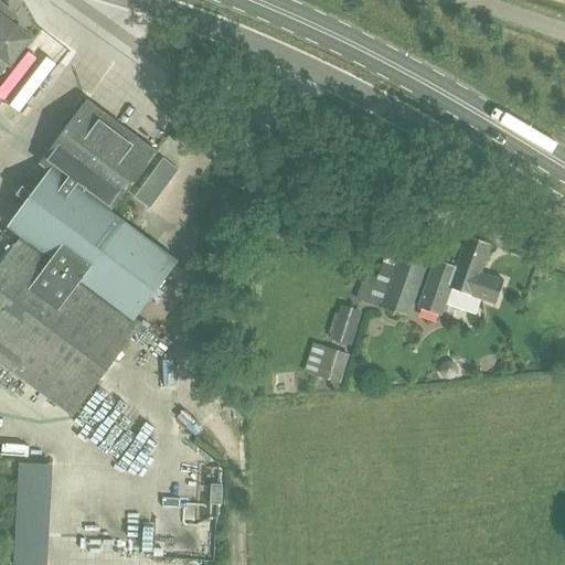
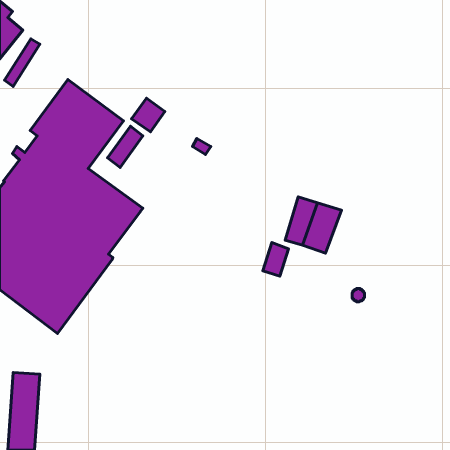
building: none -> [131,98,165,132]
building: [417,235,502,313] -> none
building: [316,348,348,382] -> none

